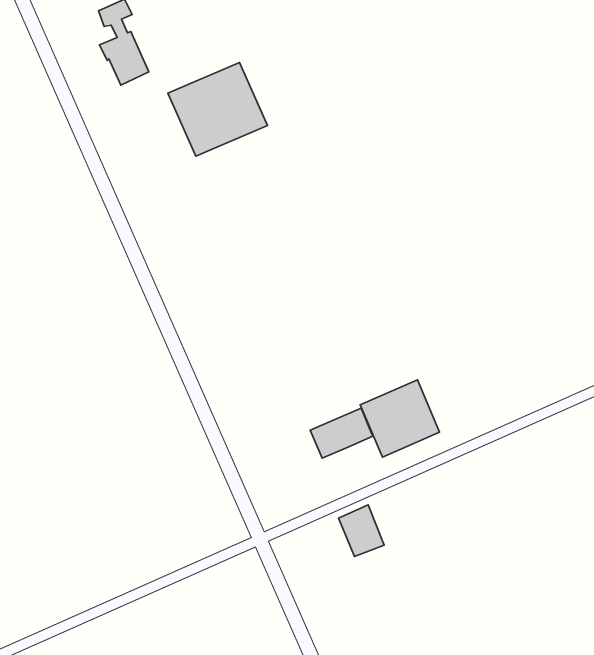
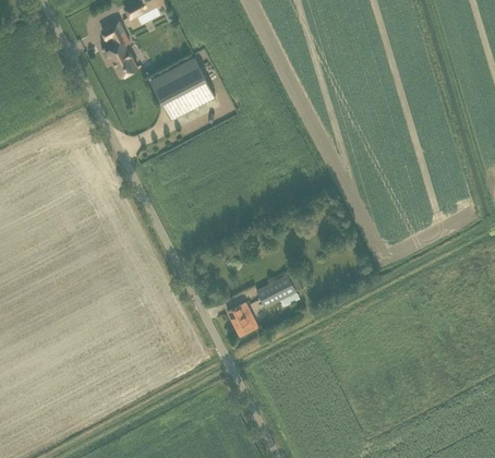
building: [360,380,440,457] -> none
building: [339,505,384,557] -> [228,301,258,335]

